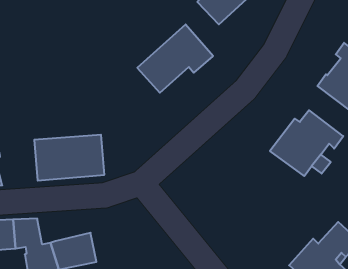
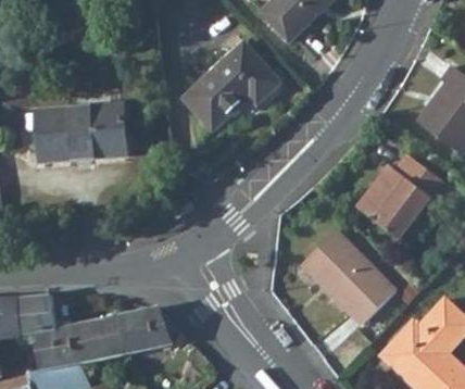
building: [34,135,104,181] -> [36,103,127,163]
building: none -> [300,230,393,324]
building: none -> [121,305,173,351]

